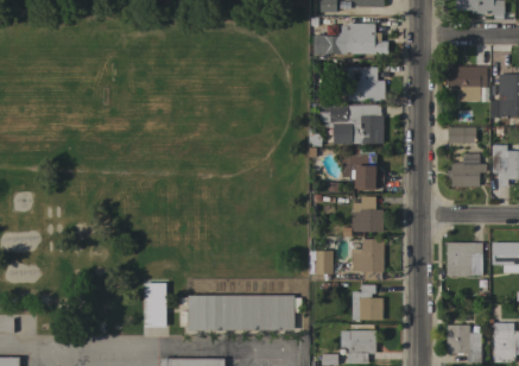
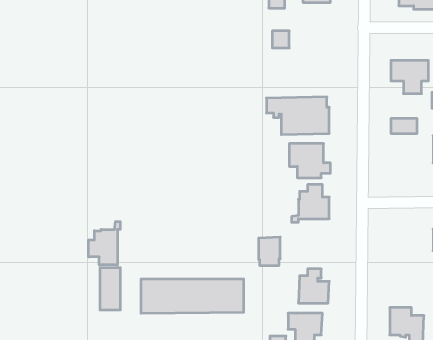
building: [347,24,381,55] -> none
building: [342,68,385,101] -> none
building: [447,153,486,187] -> none
building: none -> [89,222,120,265]
building: [352,239,384,280] -> none
building: [447,242,482,276] -> none

